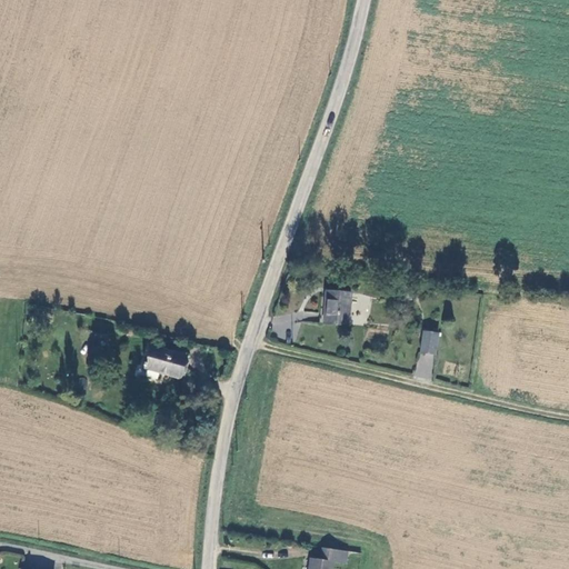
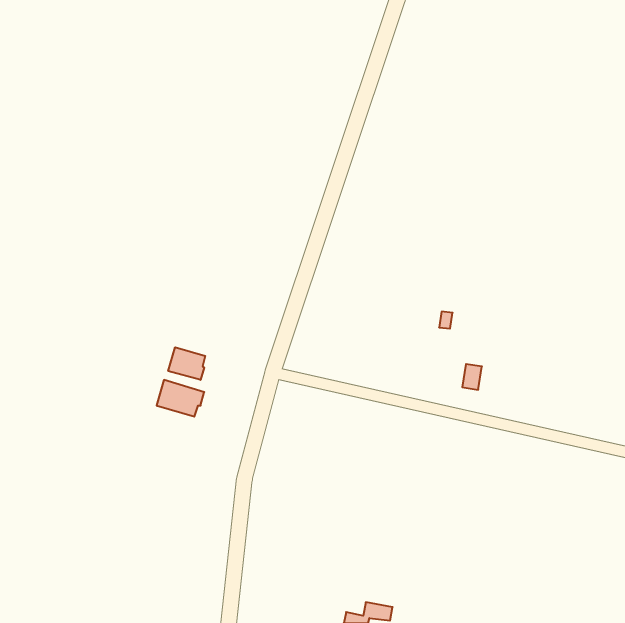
building: [322,289,351,325] -> none
building: none -> [168,347,205,380]

